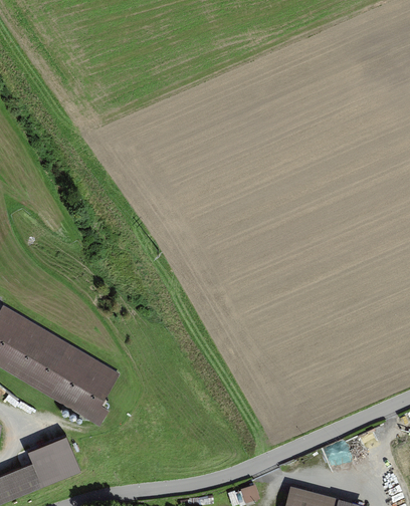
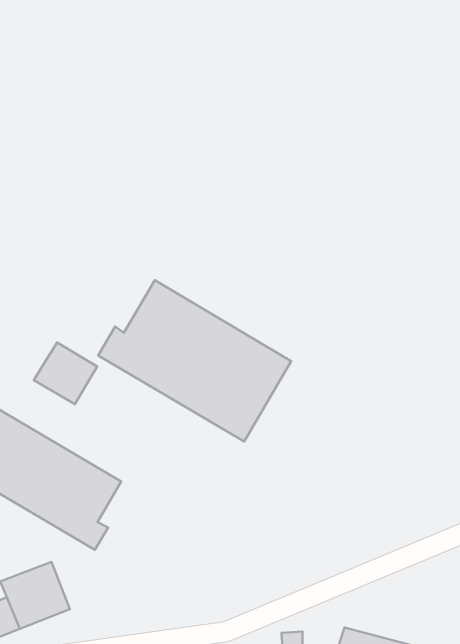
building: none -> [98,280,291,442]
building: none -> [34,342,97,404]

